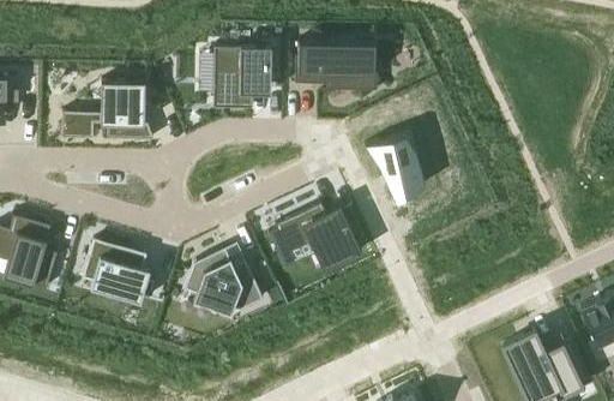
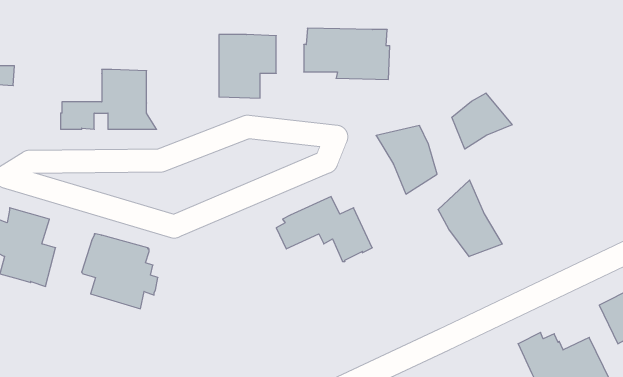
building: none -> [452,93,512,149]
building: none -> [438,180,502,257]
building: [181,245,263,306] -> none

